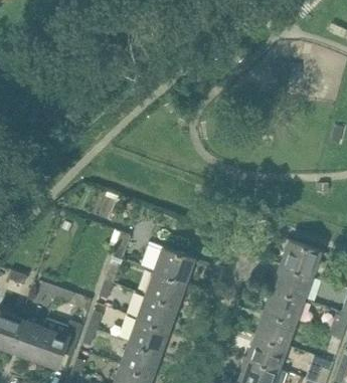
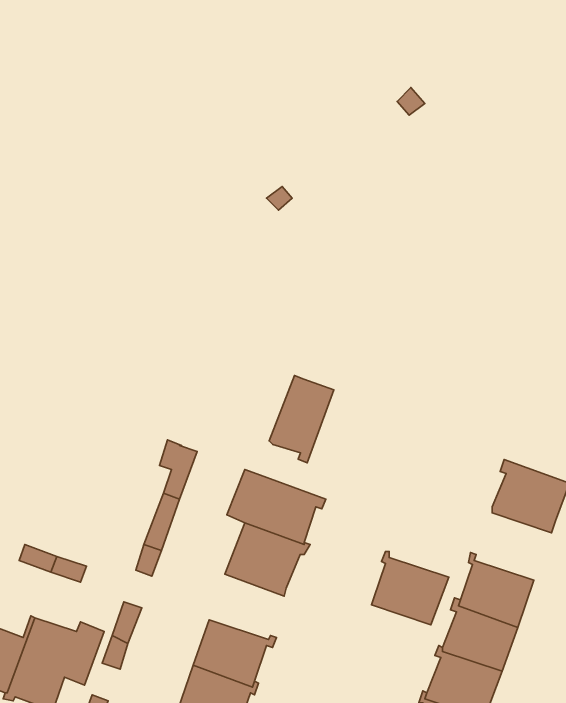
building: none -> [269,375,334,463]
building: [272,264,311,302] -> [371,551,449,625]
building: [137,299,179,332] -> none

